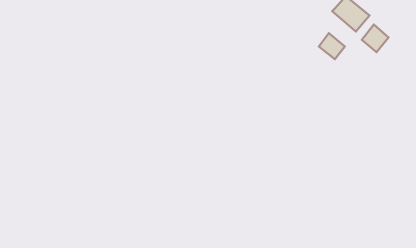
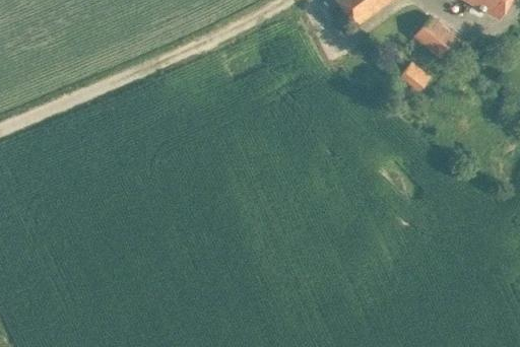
building: [362,25,389,52] -> none

